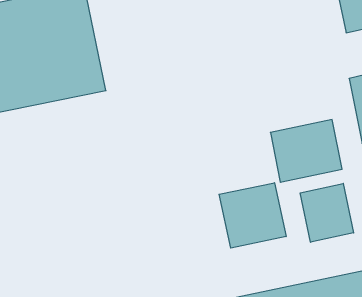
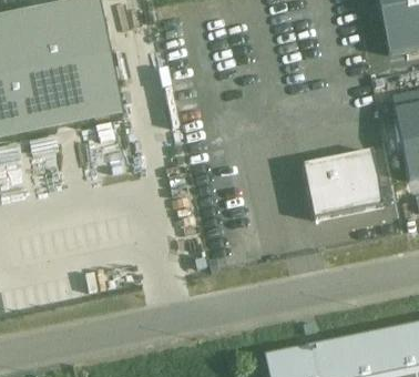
building: [219,183,286,248] -> none
building: [300,183,354,242] -> none

